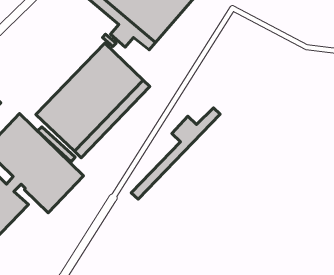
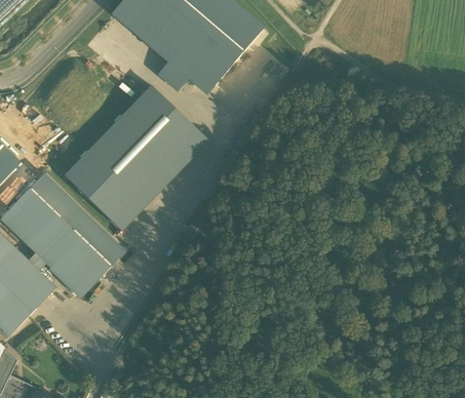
building: [131,108,220,199] -> none

